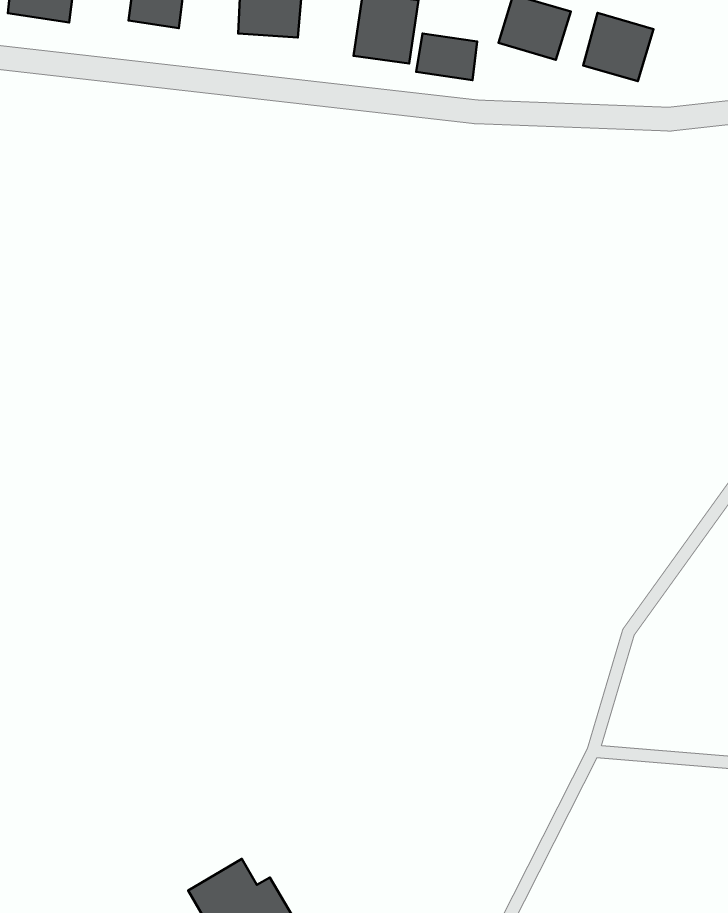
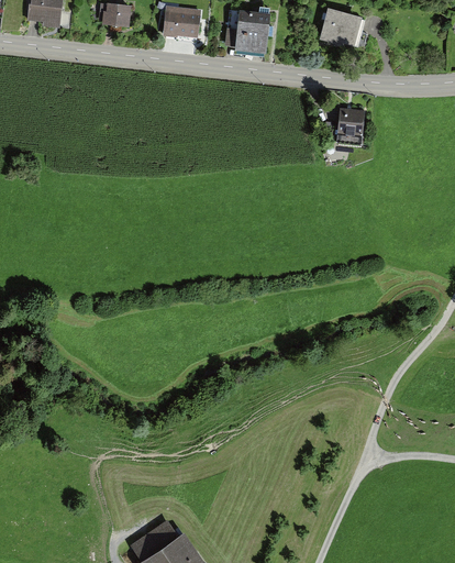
building: [583,13,654,81] -> none
building: [416,34,477,80] -> none
building: none -> [334,109,366,141]

